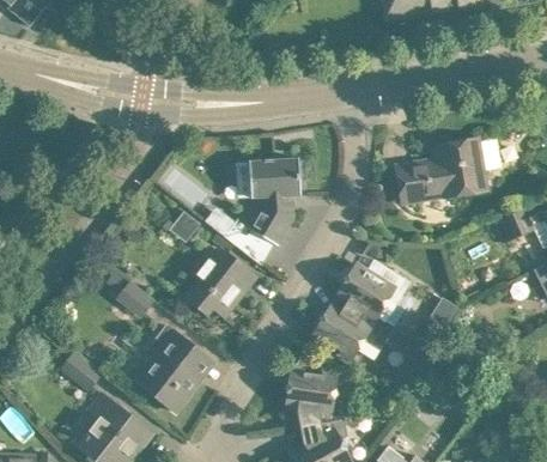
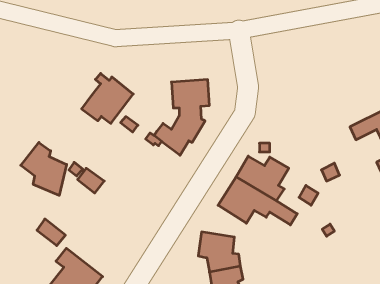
building: [395,139,498,202] -> none
building: none -> [21,142,67,195]
building: [183,248,255,317] -> [82,73,133,123]
building: [139,324,212,412] -> none

